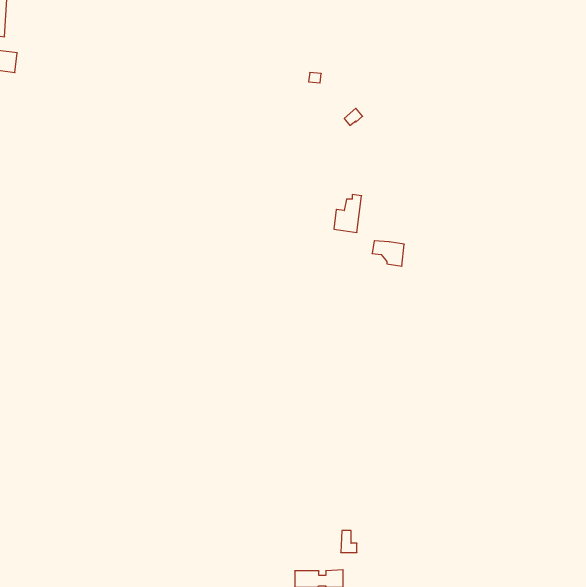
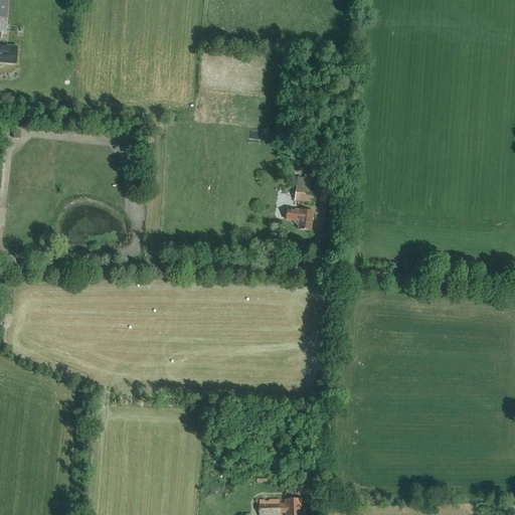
building: [372,241,404,266] -> [283,208,311,230]

